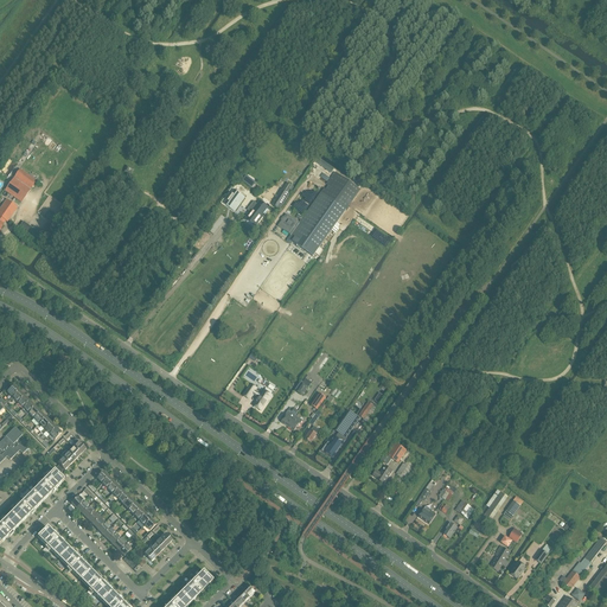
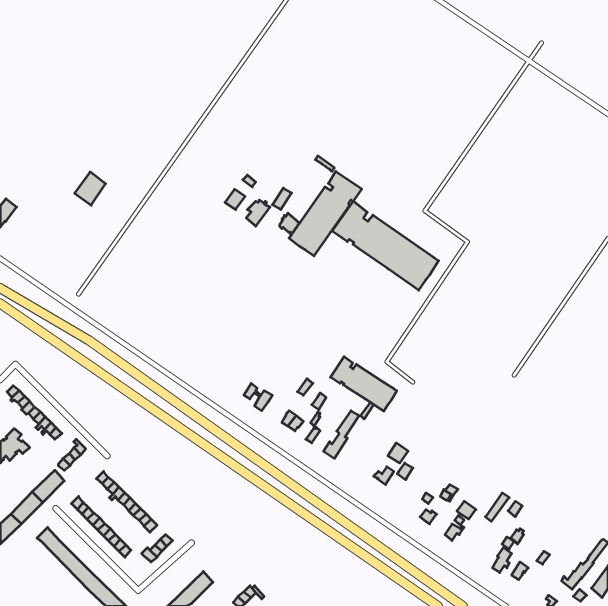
building: [5,167,36,200] -> [75,172,106,205]
building: none -> [332,201,439,290]
building: none -> [330,357,397,411]

